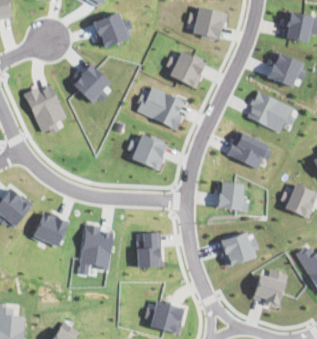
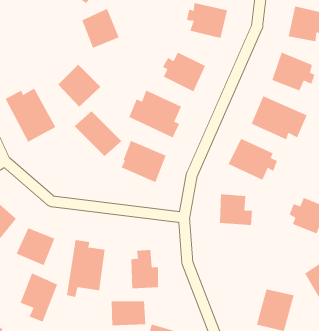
building: none -> [74,110,122,157]
building: [220,232,254,266] -> none
building: none -> [20,273,58,322]
building: none -> [111,301,146,326]

